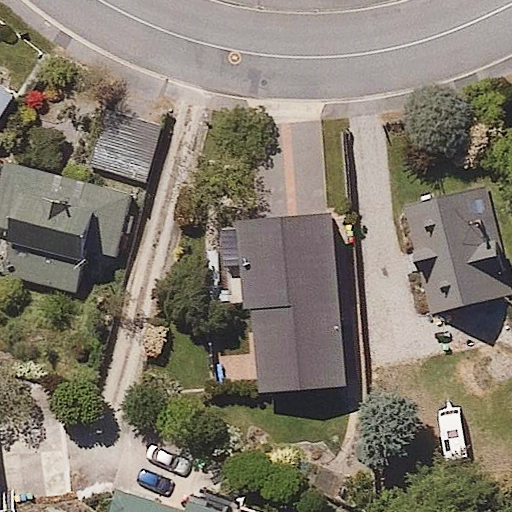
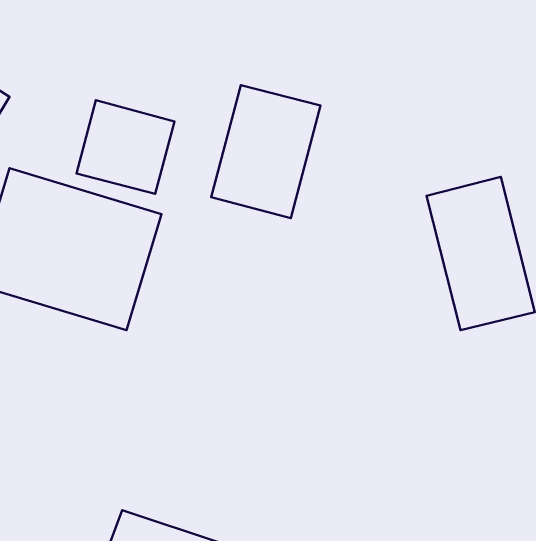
building: none -> [211,85,320,218]
building: [209,218,358,391] -> none

